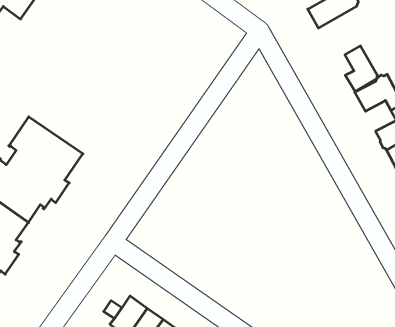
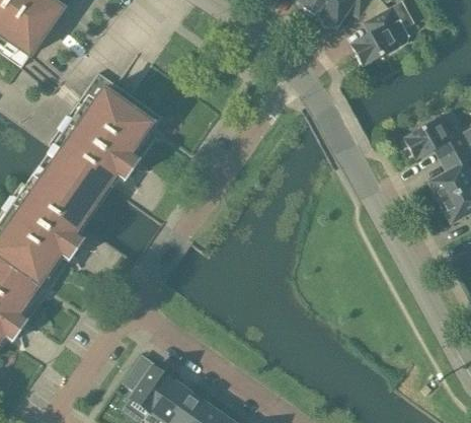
building: [345,46,377,91] -> none
building: none -> [38,89,151,206]

